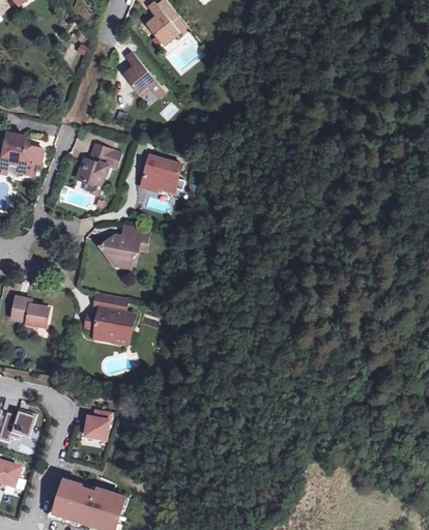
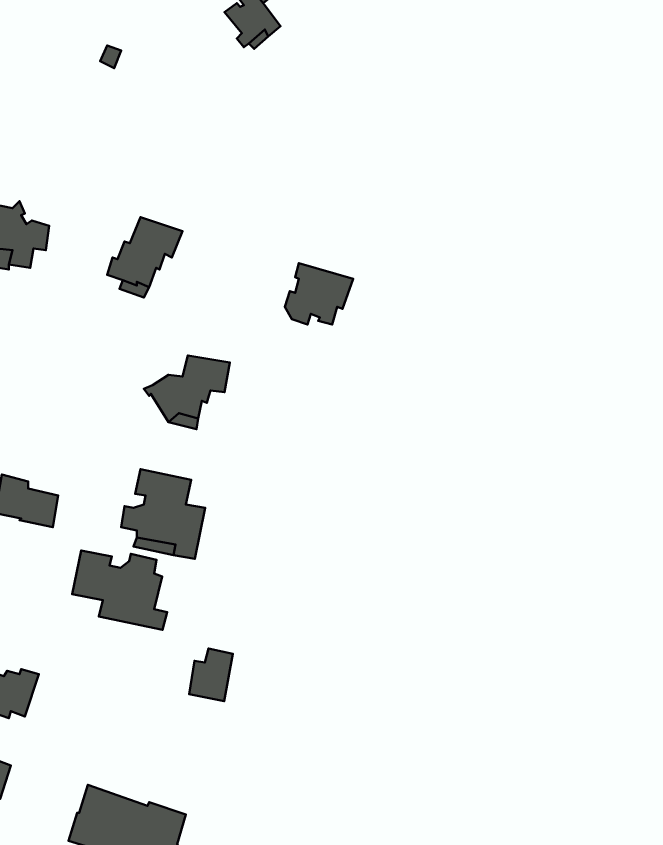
building: [124,51,155,92] -> none
building: [141,155,181,192] -> [285,263,353,324]
building: none -> [72,550,167,630]
building: [84,409,110,440] -> [189,649,233,701]

